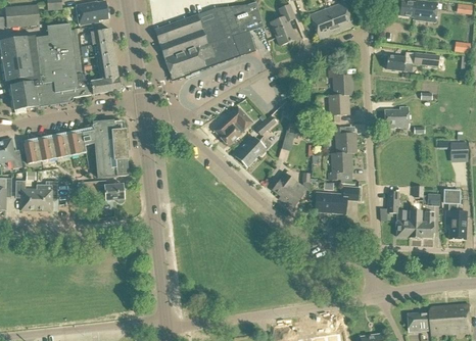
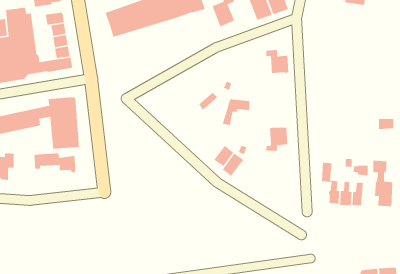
building: [163,30,255,79] -> none
building: [386,51,442,69] -> none
building: [324,94,349,121] -> none
building: [213,106,252,144] -> none
building: [384,106,409,127] -> none
building: [331,127,356,152] -> none
building: [236,137,267,165] -> none
building: [315,186,358,212] -> none

